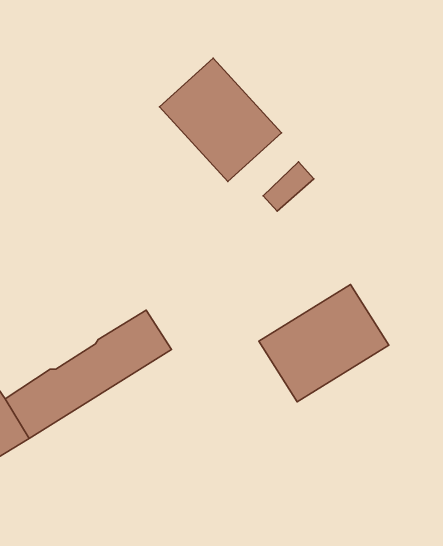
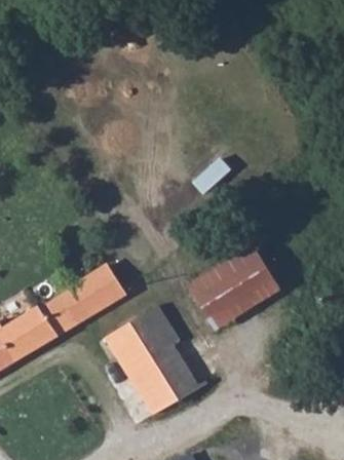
building: [159,58,282,181] -> none
building: none -> [105,306,197,413]

